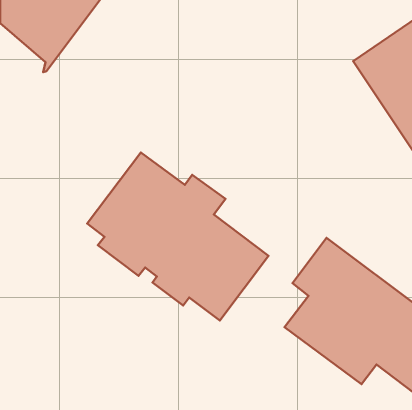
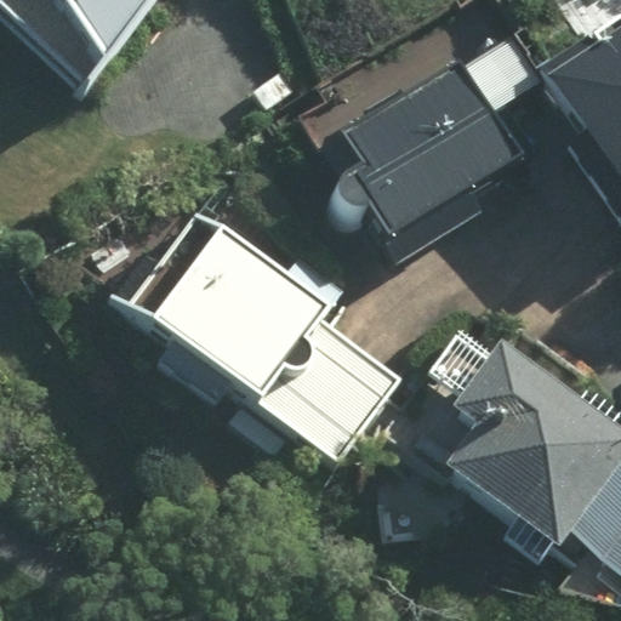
building: none -> [321,61,522,249]

